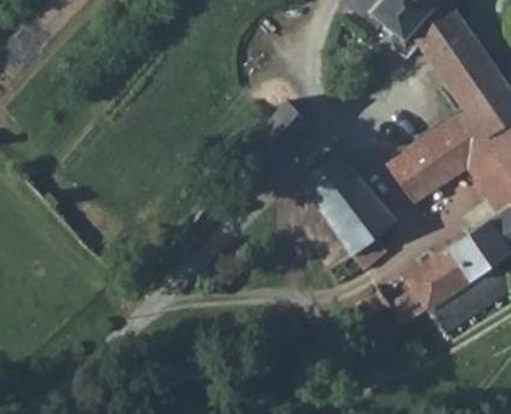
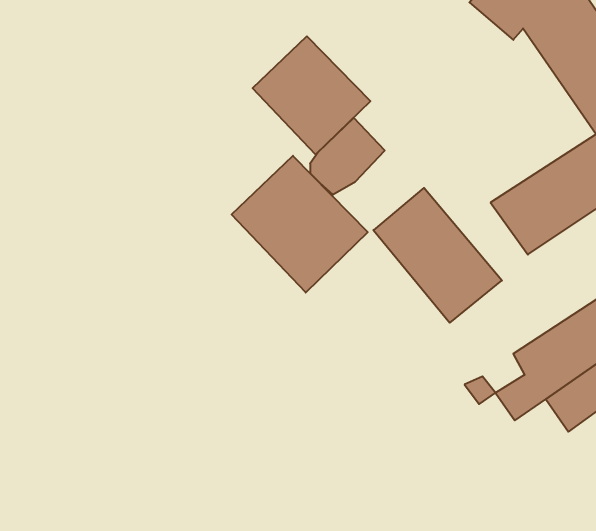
building: none -> [253,36,370,155]
building: none -> [232,156,368,293]

